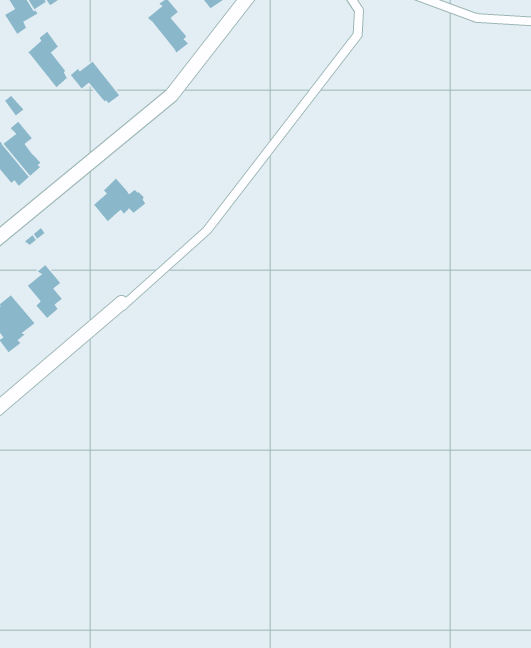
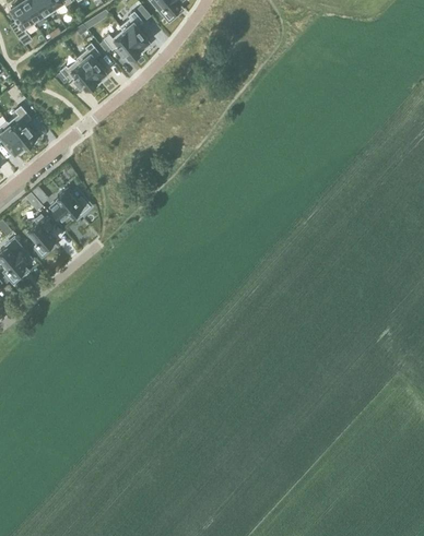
building: none -> [103,29,140,59]
building: [27,31,68,88] -> [76,41,107,85]
building: [93,178,146,222] -> [50,187,91,221]

